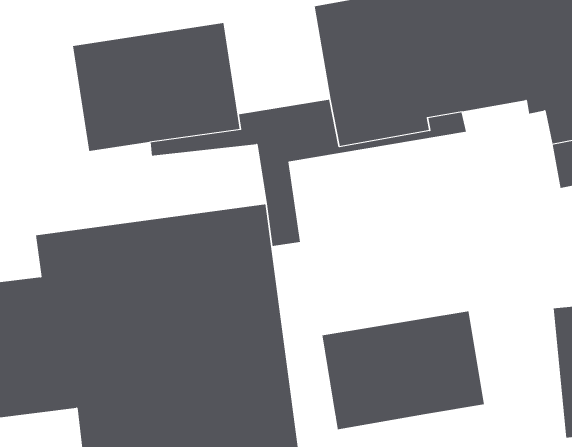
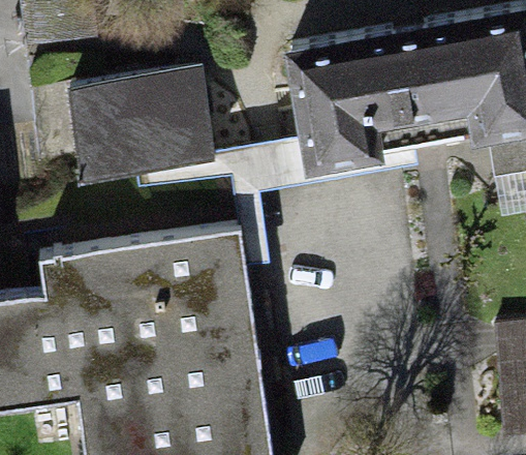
building: [322,311,484,430] -> none

